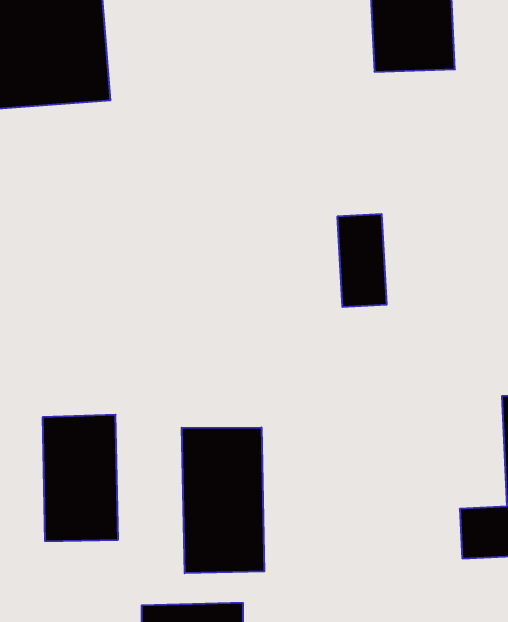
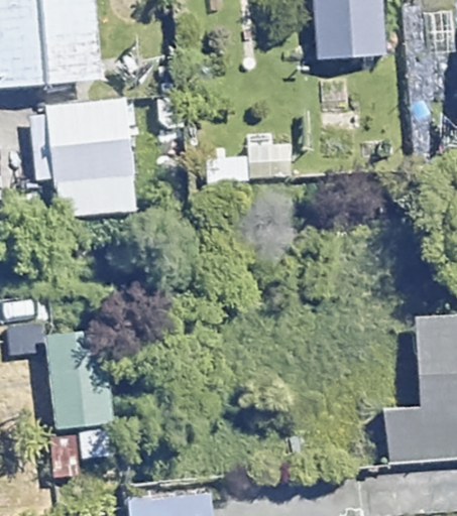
building: none -> [45,99,132,186]
building: [182,427,264,573] -> none

